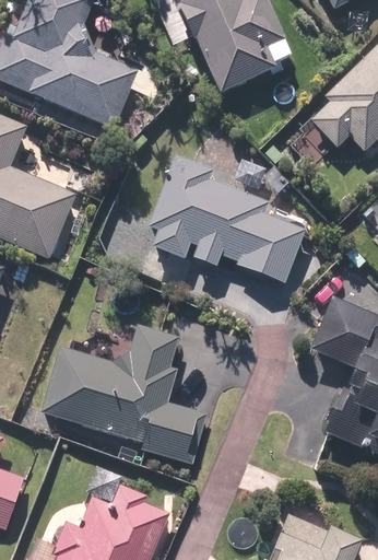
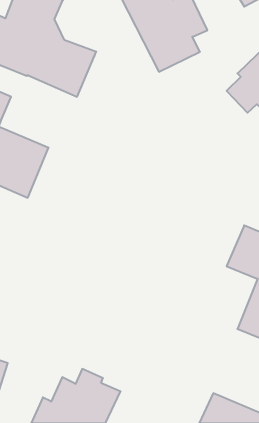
building: [145,174,306,283] -> none
building: [35,323,205,462] -> none

